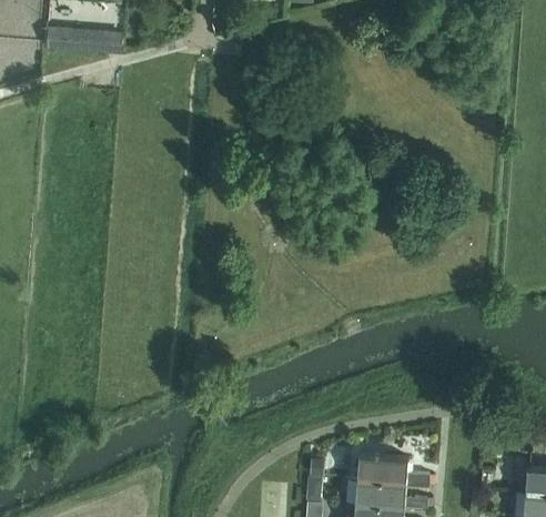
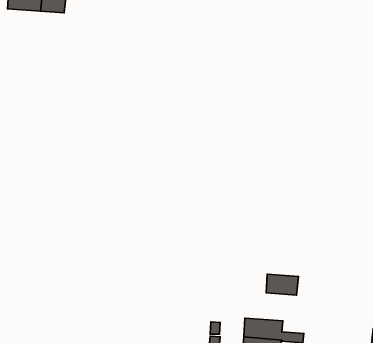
building: none -> [266,274,298,295]

